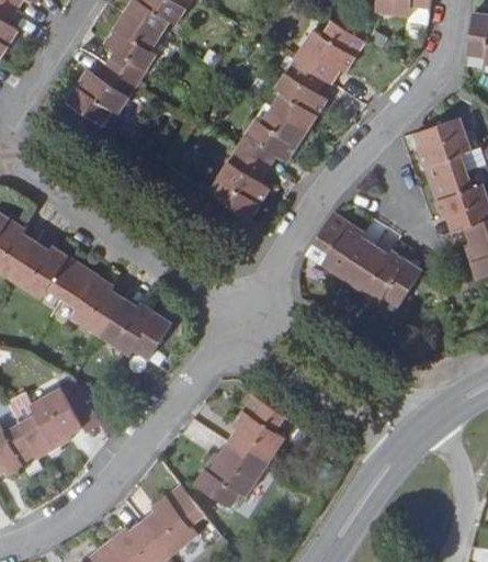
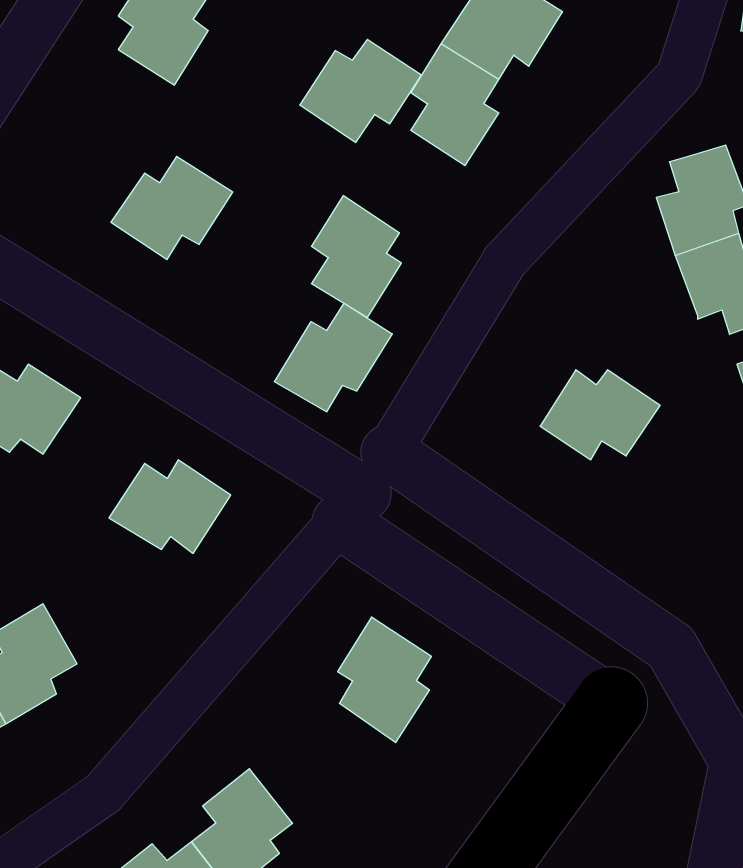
building: [66,63,137,123] -> [111,156,233,259]
building: [236,110,307,170] -> [300,39,422,142]
building: none -> [274,303,392,412]
building: [314,213,372,283] -> none
building: [60,267,120,337] -> none
building: [195,446,266,507] -> none

